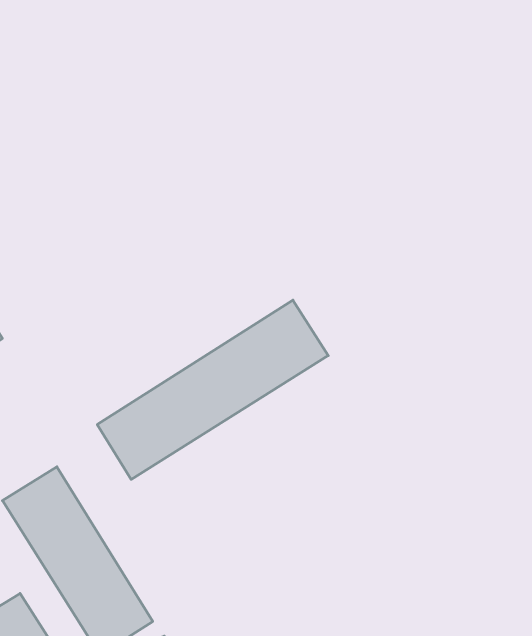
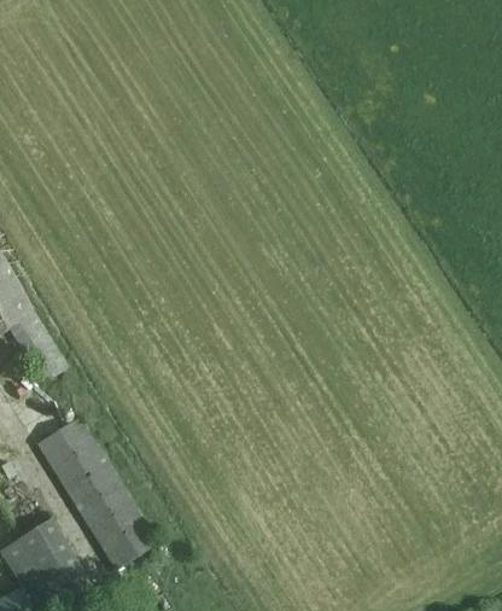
building: [97,300,328,479] -> none

